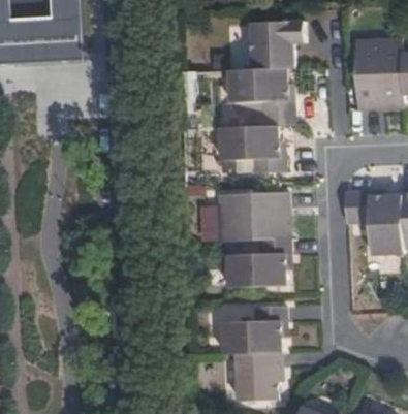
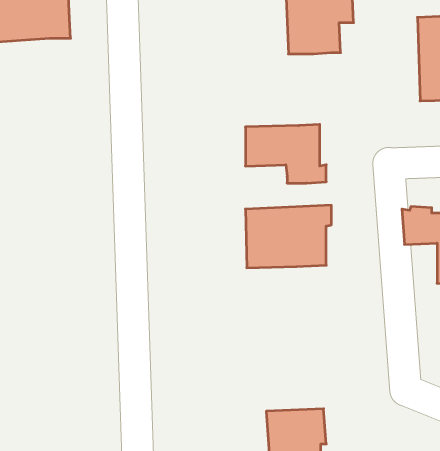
building: [227,69,292,127] -> none
building: [227,237,288,285] -> none
building: [222,304,283,353] -> none

